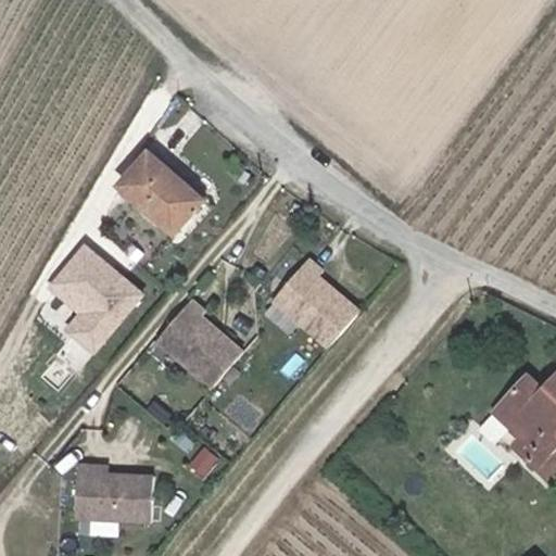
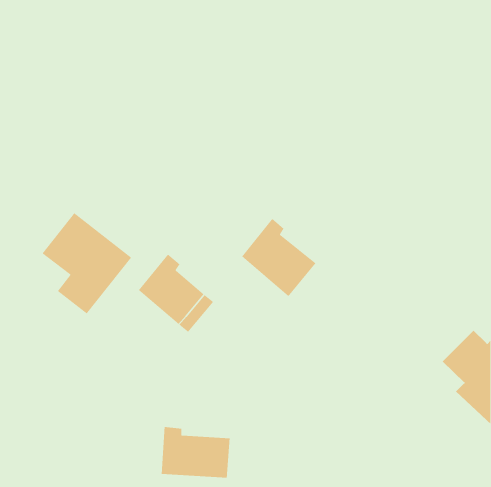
building: [116,151,201,232] -> none
building: [75,467,153,526] -> [161,426,230,478]

